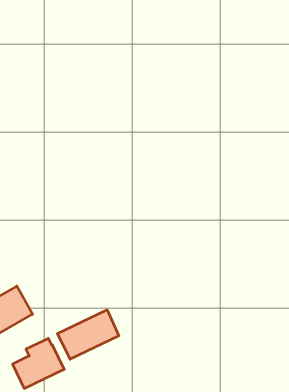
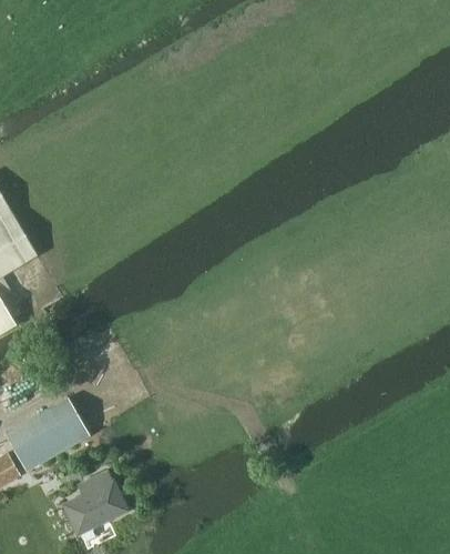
building: [57,310,119,359] -> none

